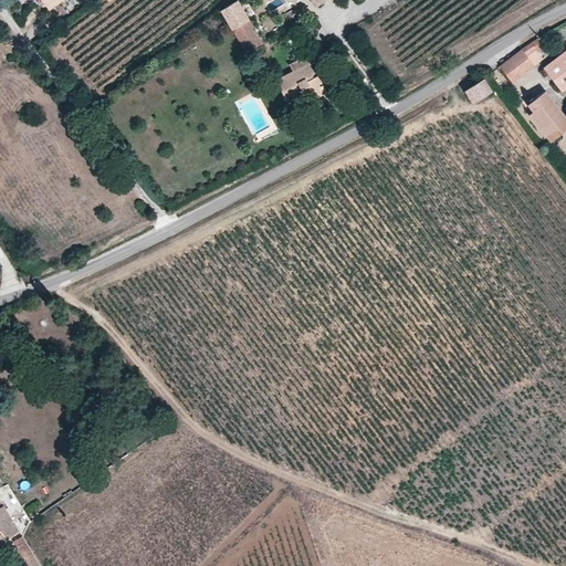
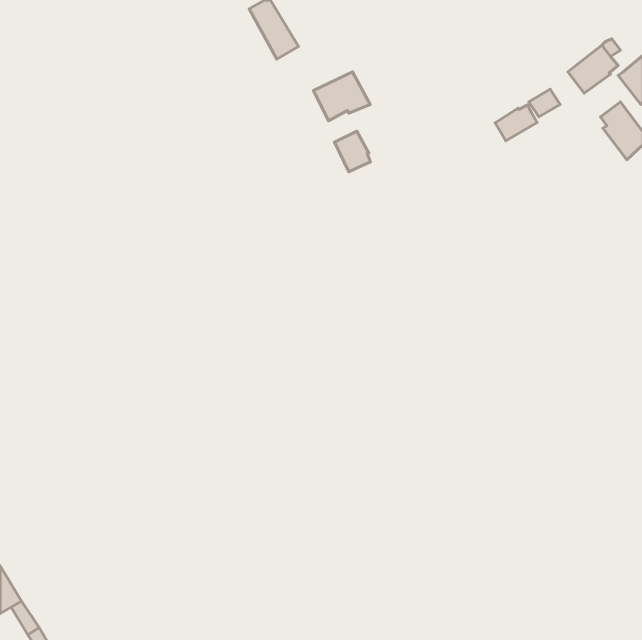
building: none -> [495,105,537,141]
building: none -> [334,131,371,172]

